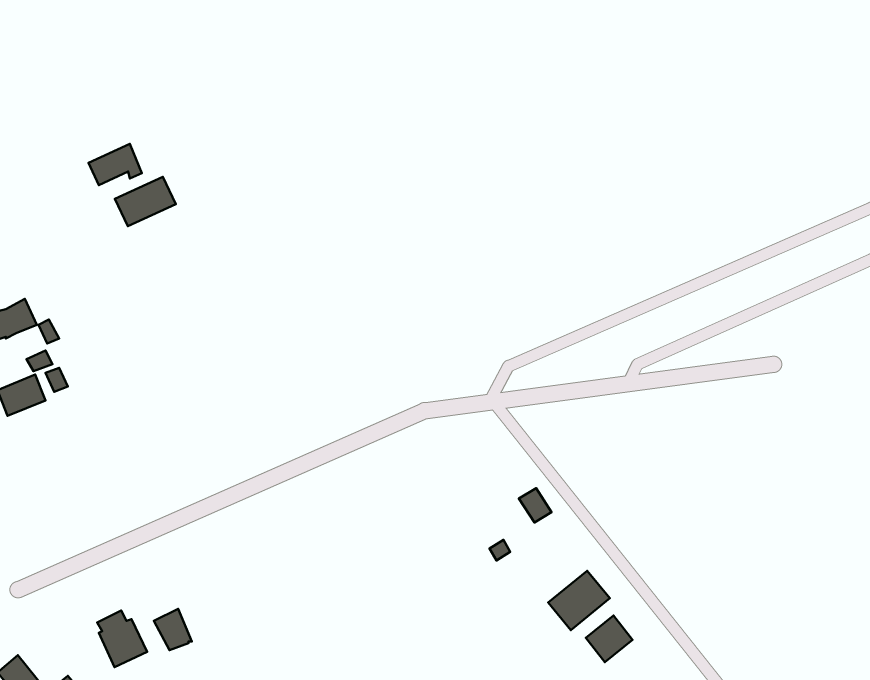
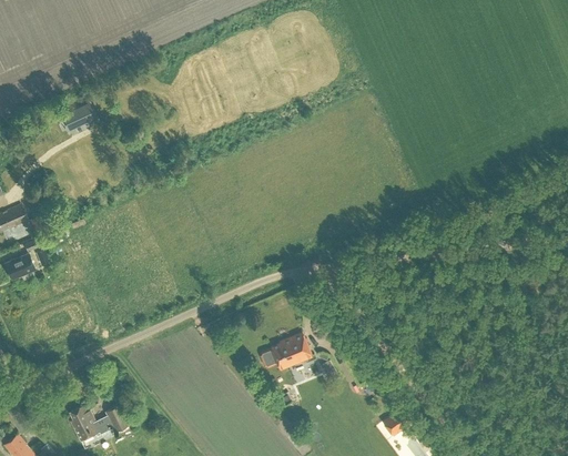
building: [115,177,176,226] -> none
building: none -> [261,333,312,369]
building: [548,571,610,630] -> none

